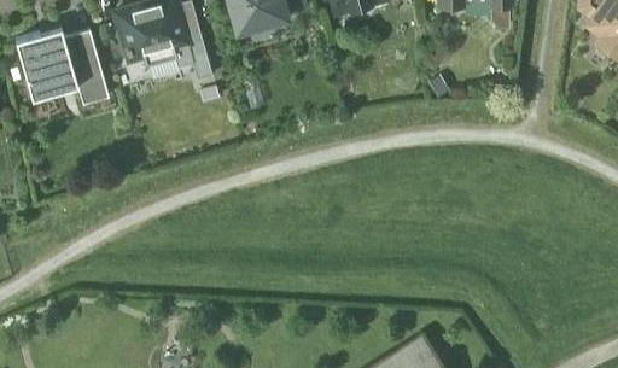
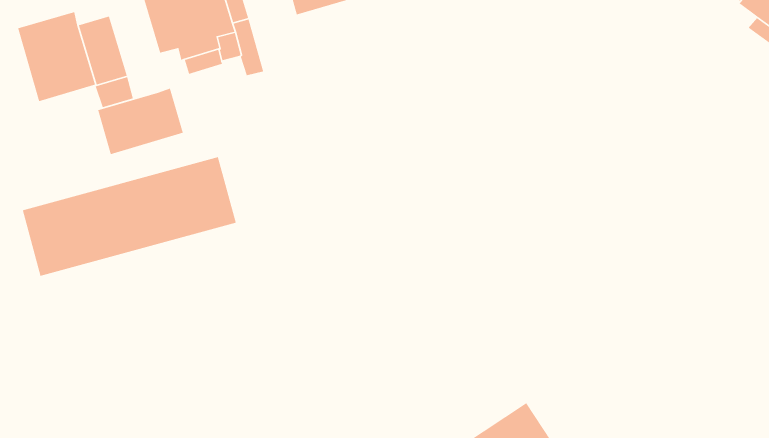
building: none -> [97,88,184,155]
building: none -> [22,156,237,277]

